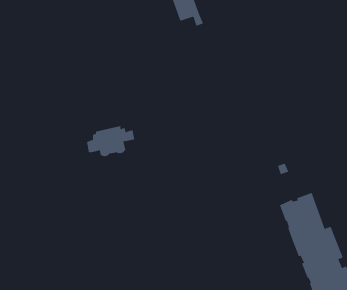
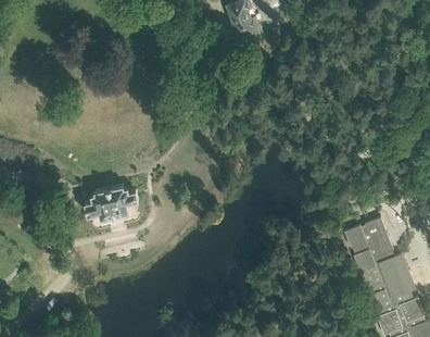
building: [86,126,135,157] -> [86,186,139,220]

